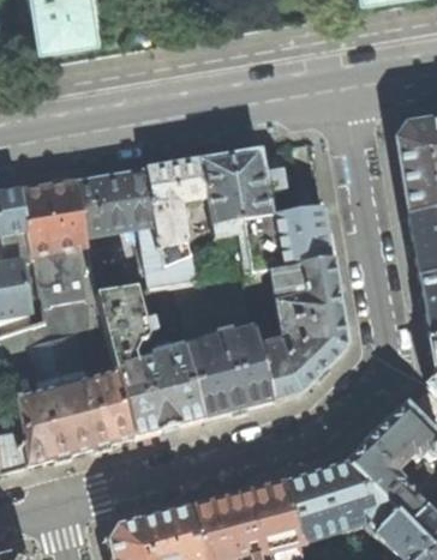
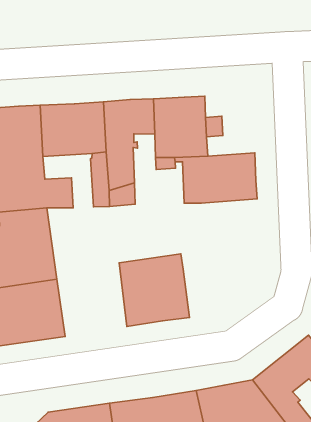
building: [257,257,347,399] -> none
building: [95,289,200,436] -> none

